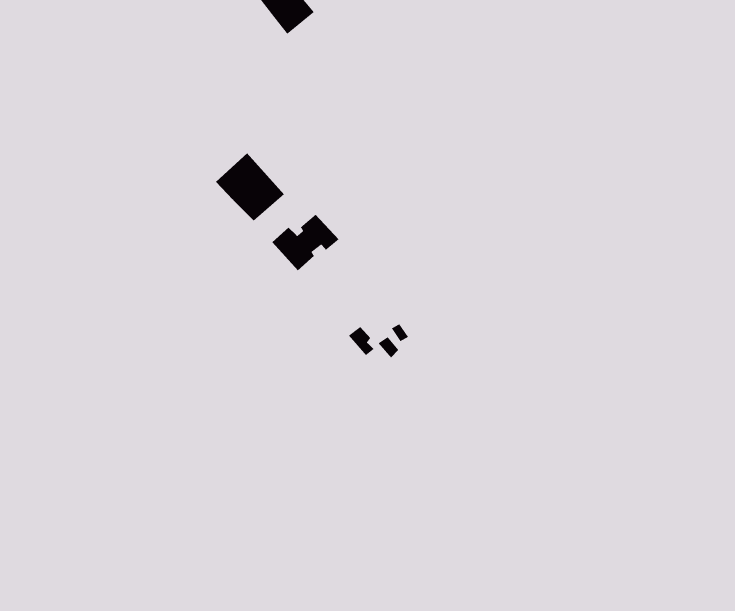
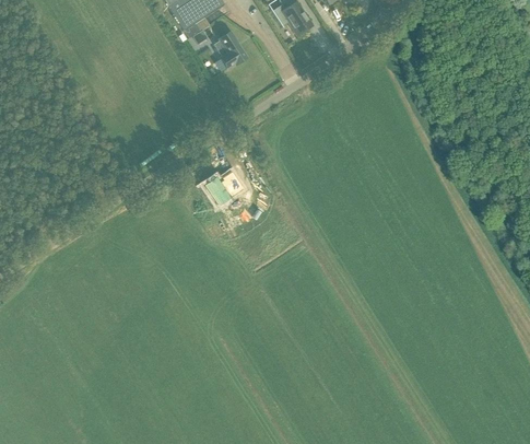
building: [215,153,285,222] -> none

